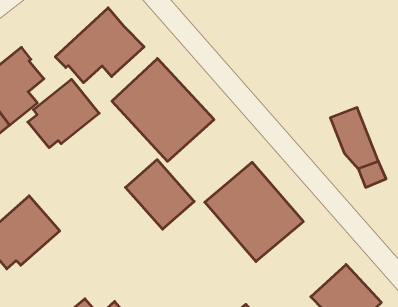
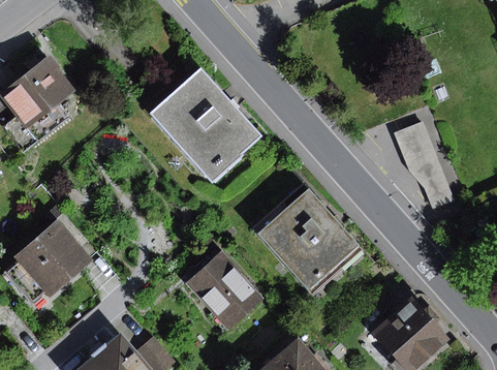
building: [55,8,144,83] -> none
building: [28,79,99,148] -> none
building: [125,160,194,229] -> [187,251,263,329]

